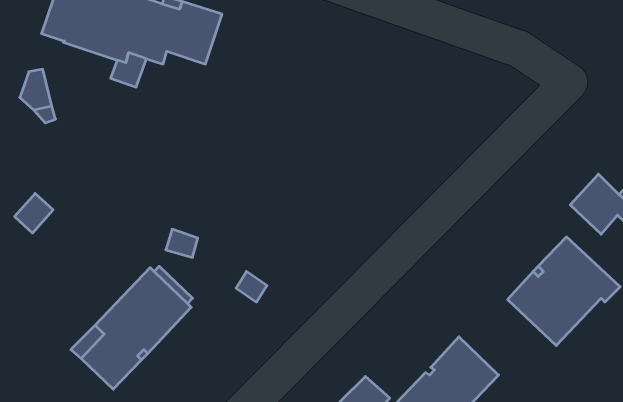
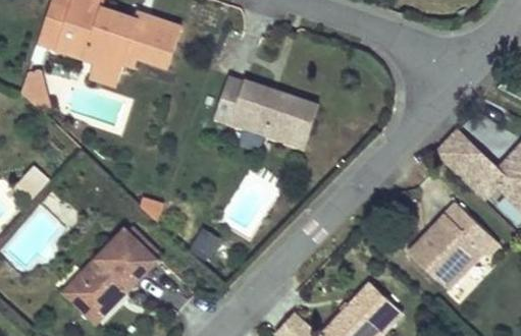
building: none -> [214,77,318,148]
building: none -> [432,127,481,177]

